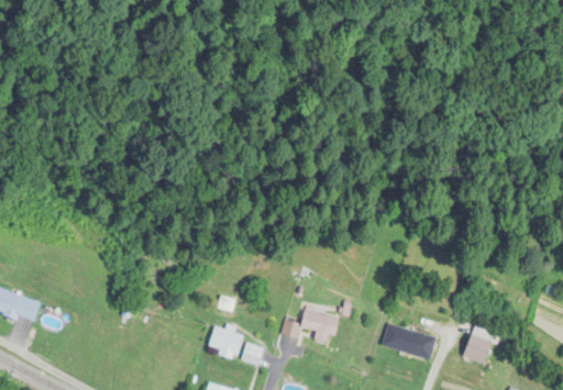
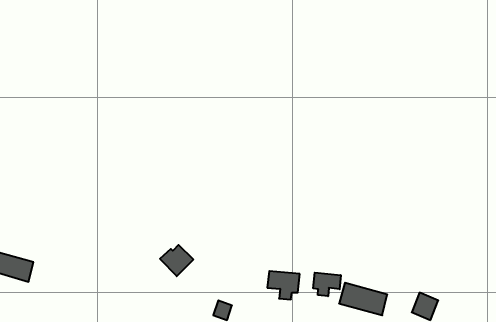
building: none -> [313,273,341,296]
building: [208,322,245,357] -> [160,245,193,276]

